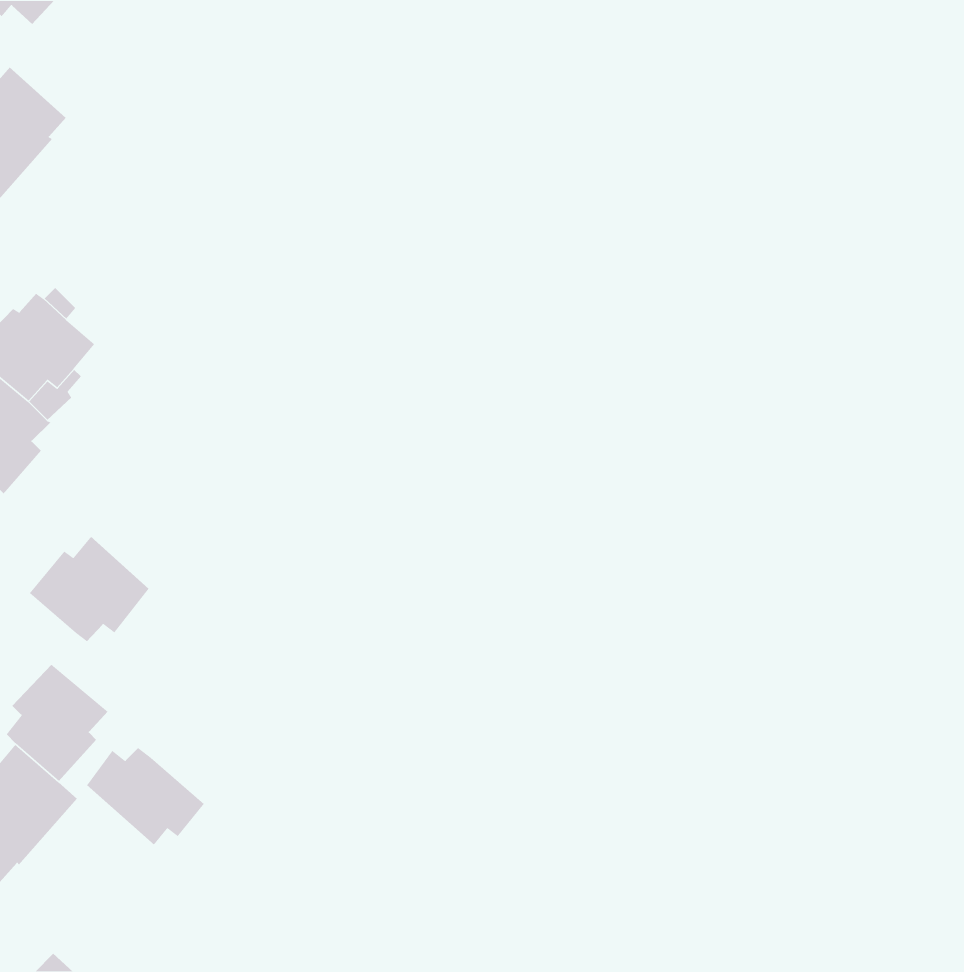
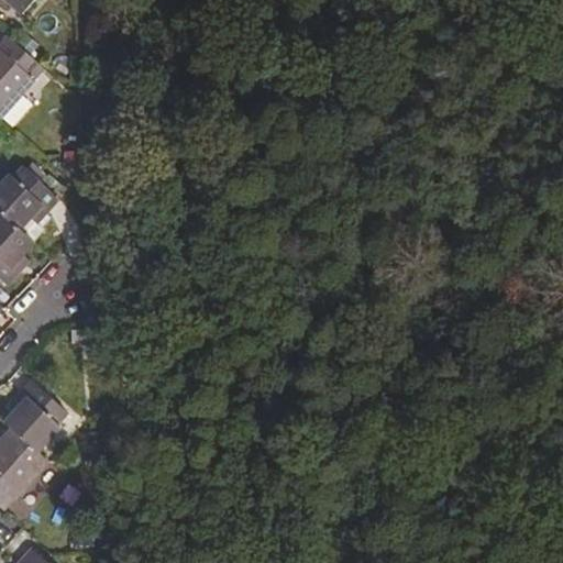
building: [29,536,150,642] -> none
building: [86,747,205,846] -> none

